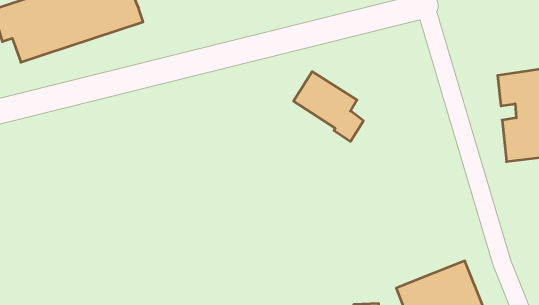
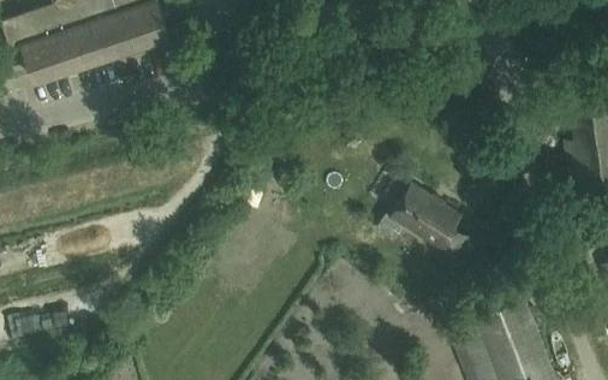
building: [294,72,363,141] -> [395,188,472,265]

